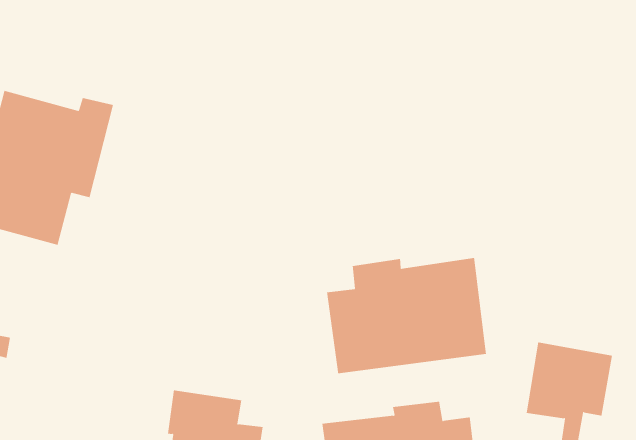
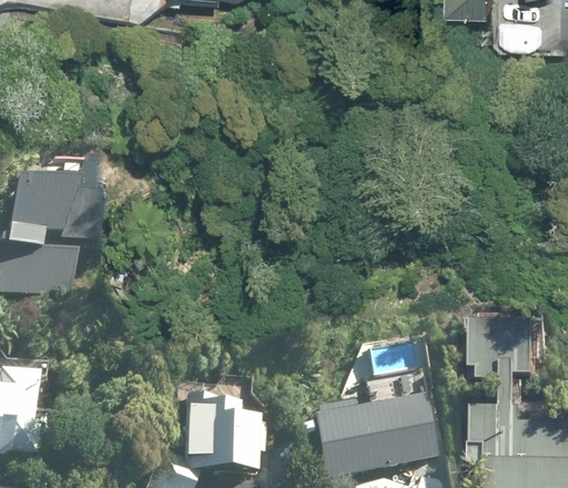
building: [327,257,487,374] -> none

